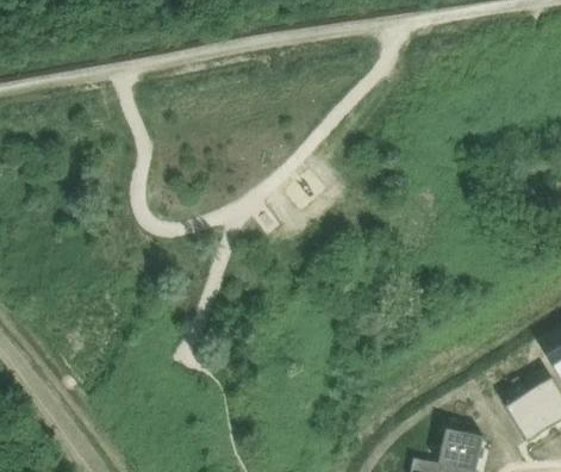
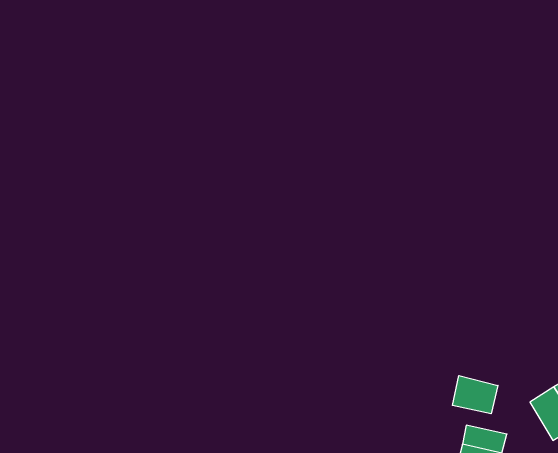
building: none -> [452,376,498,414]

